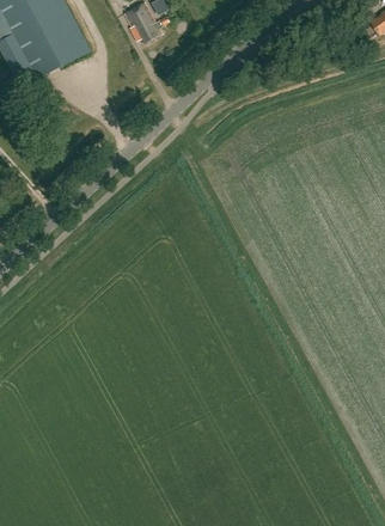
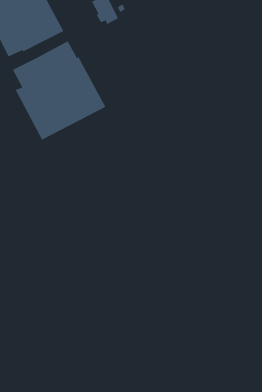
building: none -> [12,41,106,141]

